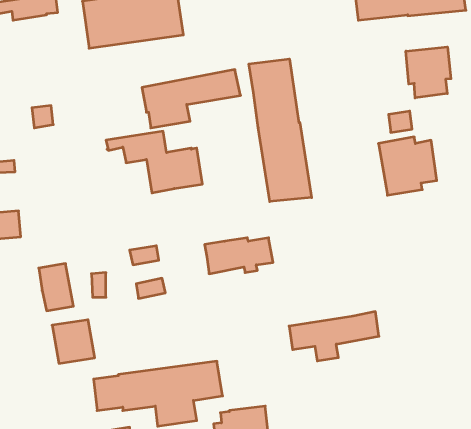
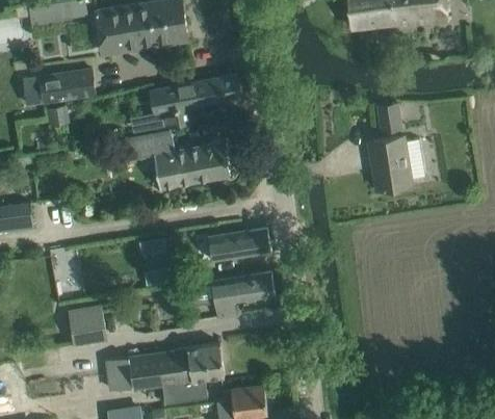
building: [406,47,451,98] -> none
building: [249,59,312,202] -> none
building: none -> [38,71,95,104]
building: none -> [201,143,230,181]
building: [289,312,379,361] -> [191,273,275,319]

